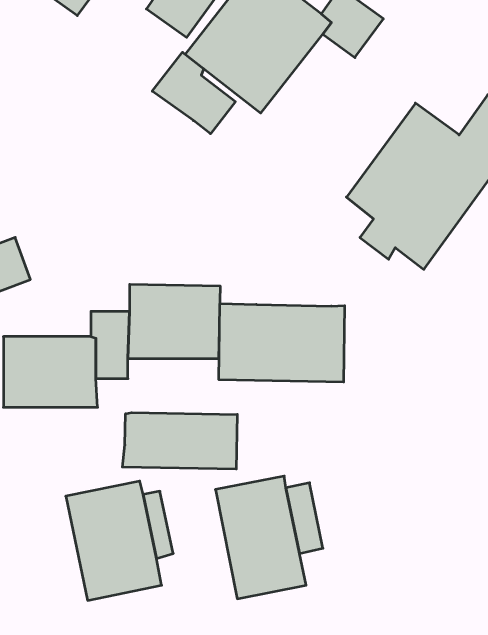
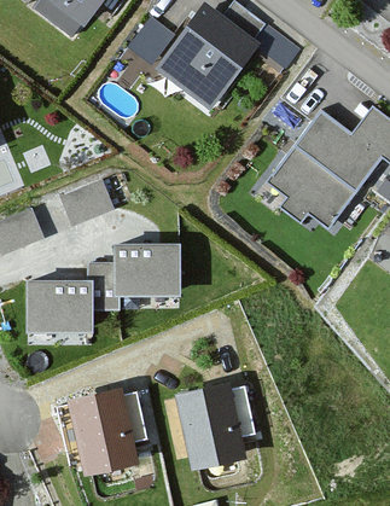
building: [152,52,235,134] -> none
building: none -> [58,179,113,226]
building: [219,303,345,382] -> none
building: [122,413,237,469] -> none

